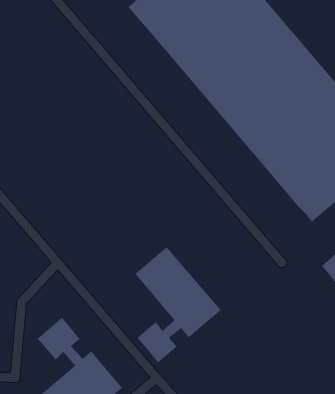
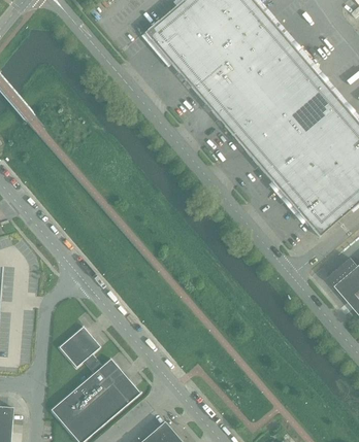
building: [134,245,222,363] -> none

